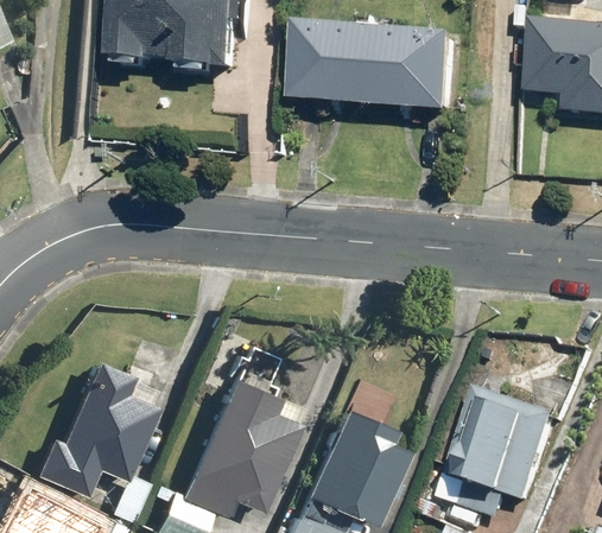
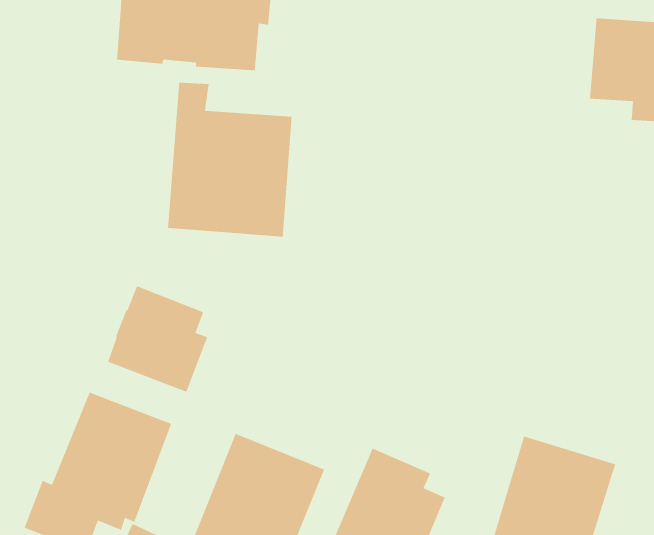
building: [298,26,463,115] -> none
building: none -> [167,82,292,238]
building: none -> [107,285,208,393]

